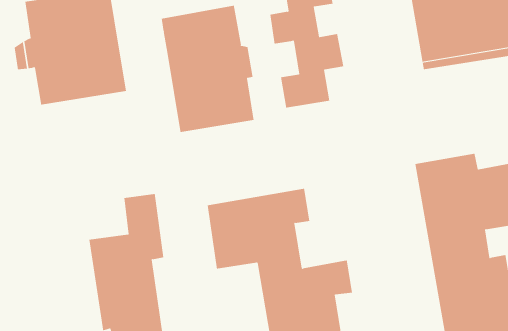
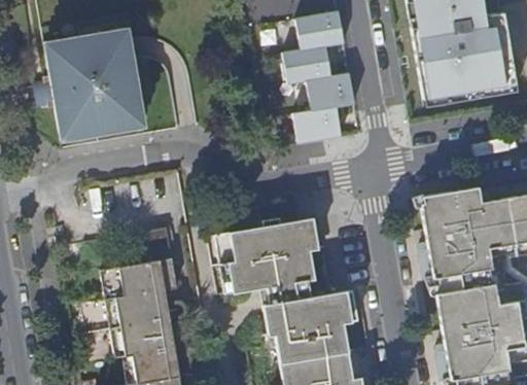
building: [161,5,254,133] -> none

